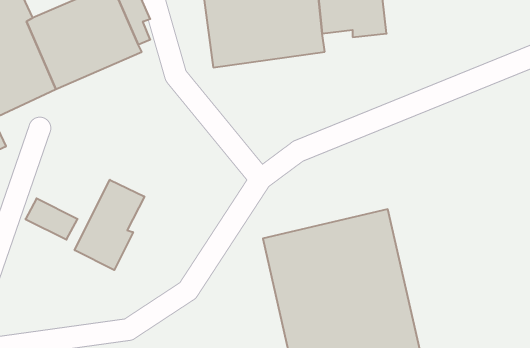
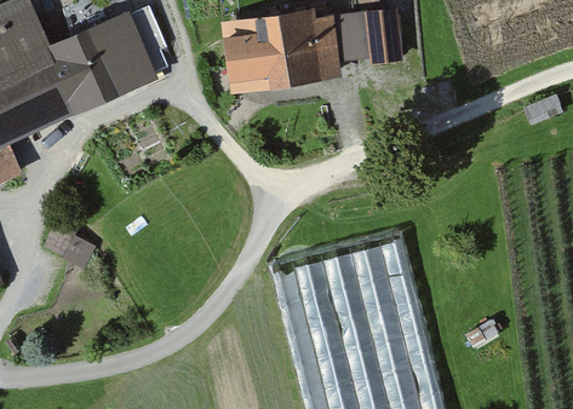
building: [75,180,144,270] -> none

